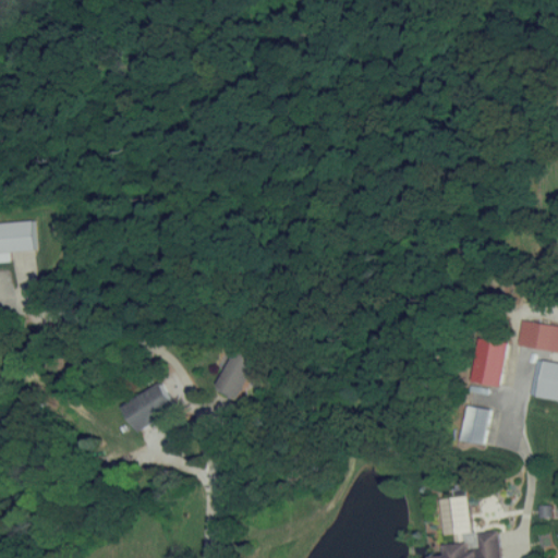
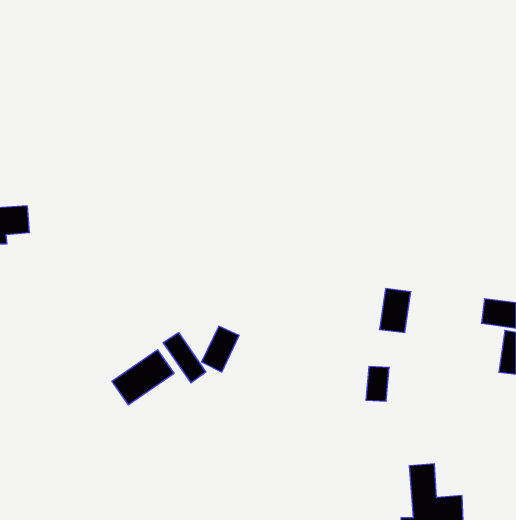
building: [471,339,505,386] -> [379,289,411,332]
building: none -> [163,333,206,383]
building: [461,408,486,445] -> [366,366,389,401]

